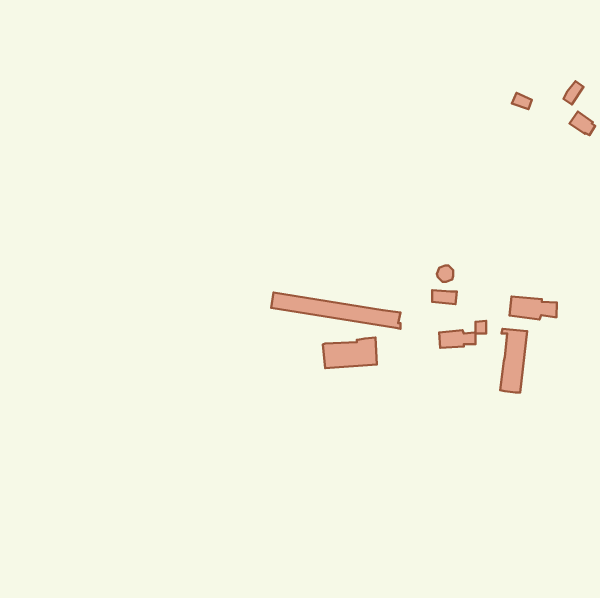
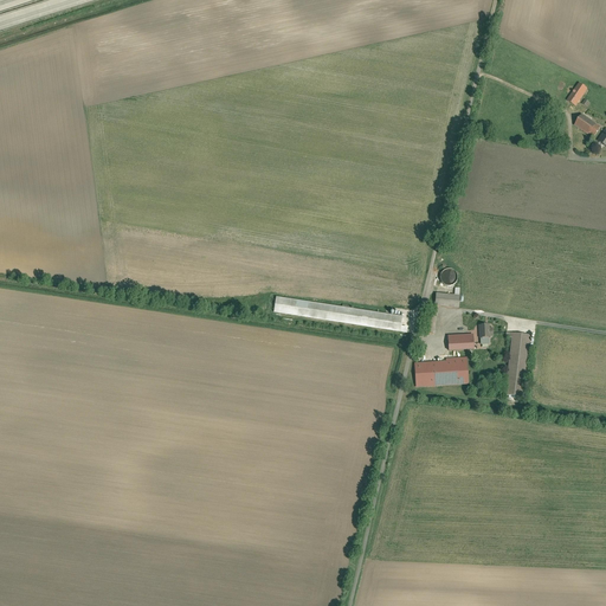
building: [509,296,557,320] -> none
building: [323,337,377,368] -> [414,355,469,386]

